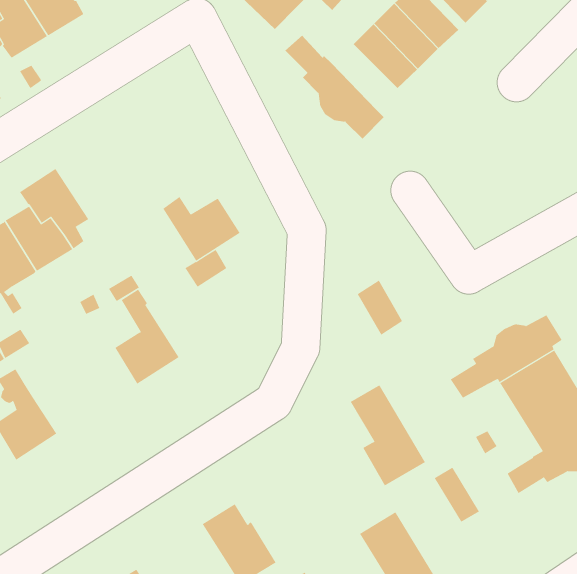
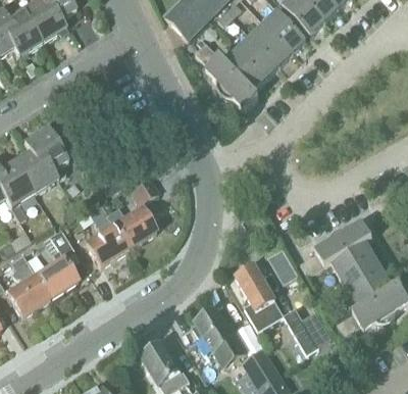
building: none -> [224,47,266,89]
building: [163,196,240,261] -> [105,206,155,248]
building: [357,280,403,335] -> [268,248,298,284]
building: none -> [33,229,78,297]
building: none -> [192,309,247,371]

